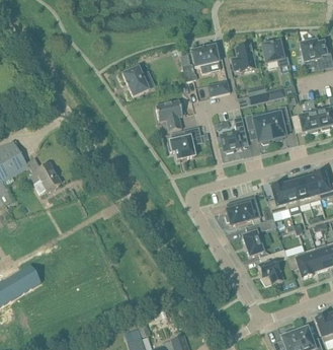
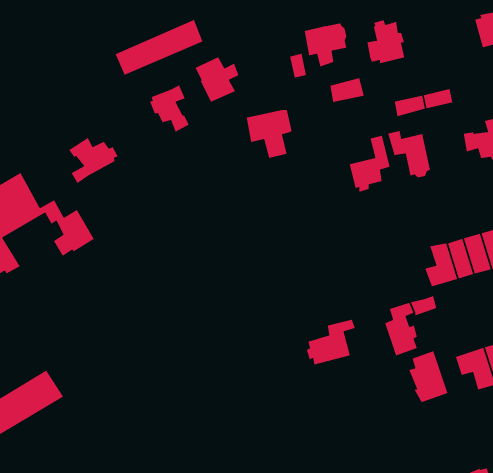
building: [261,40,288,65] -> none
building: none -> [115,19,203,76]
building: none -> [149,84,190,133]
building: [266,104,289,140] -> none
building: none -> [68,137,119,184]
building: [167,126,199,159] -> none
building: [225,195,256,224] -> [306,319,356,365]

